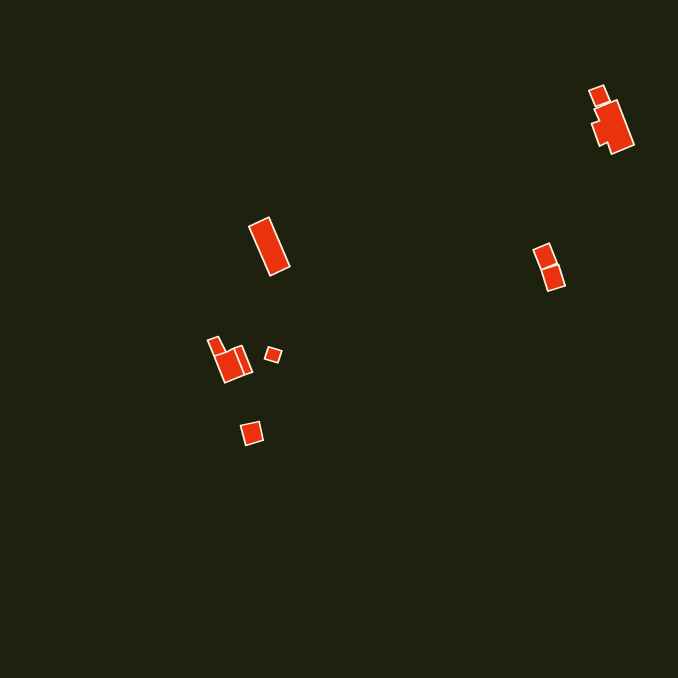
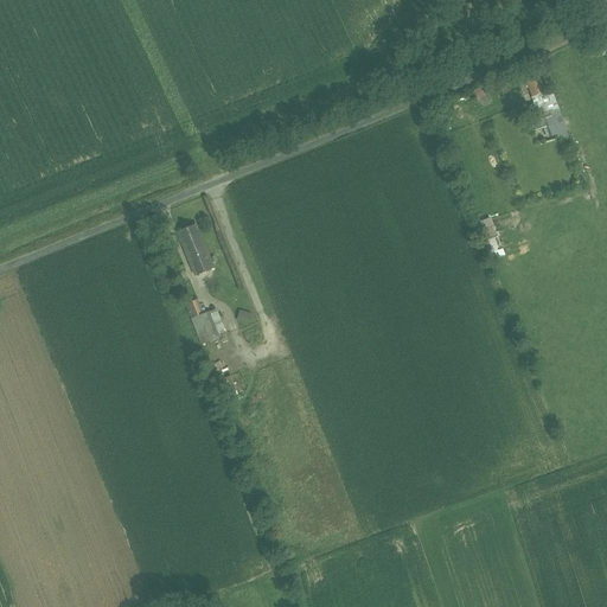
building: [249,217,290,276] -> [177,223,213,275]

